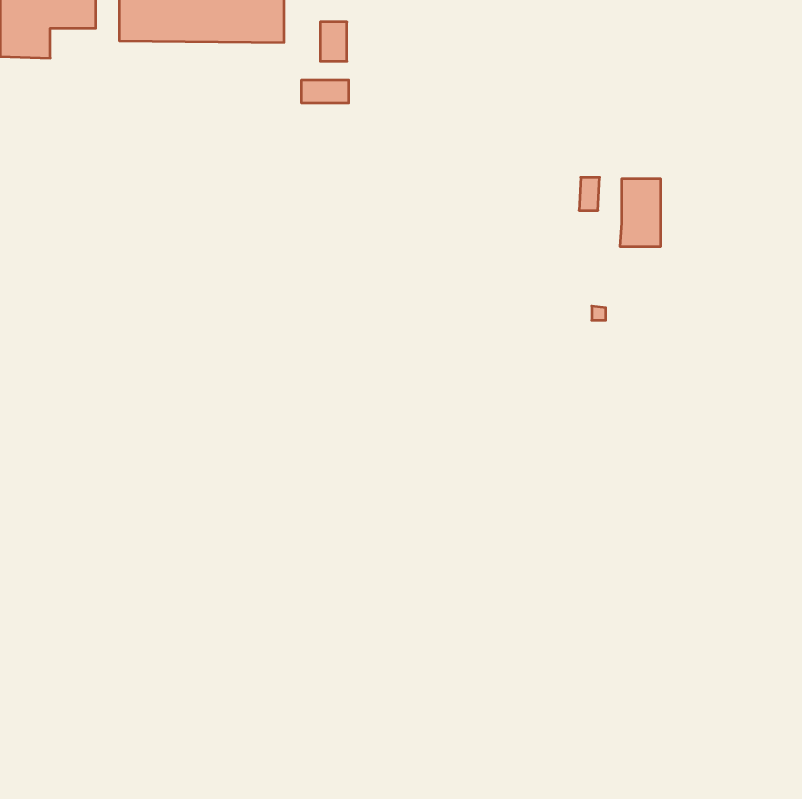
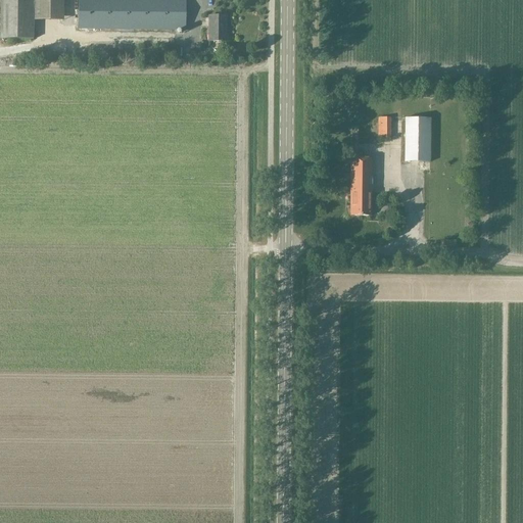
building: [302,80,349,103] -> none
building: none -> [350,156,371,213]

